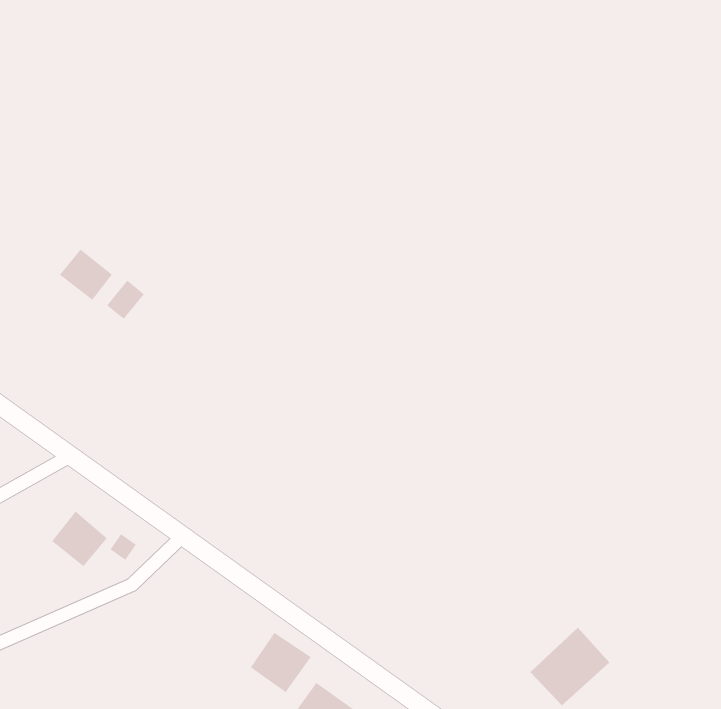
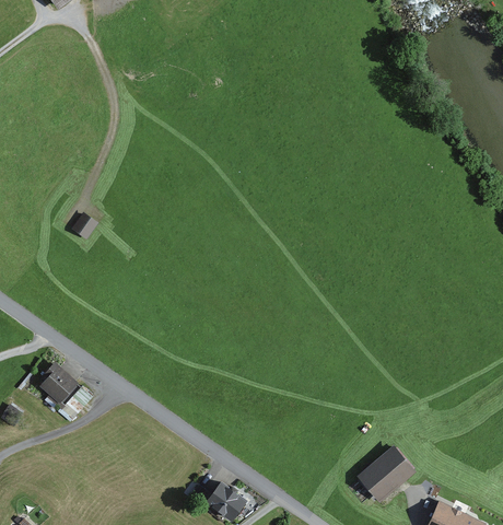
building: [59,248,113,301] -> none
building: [250,632,312,693] -> none

